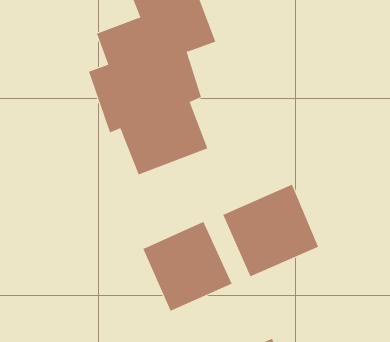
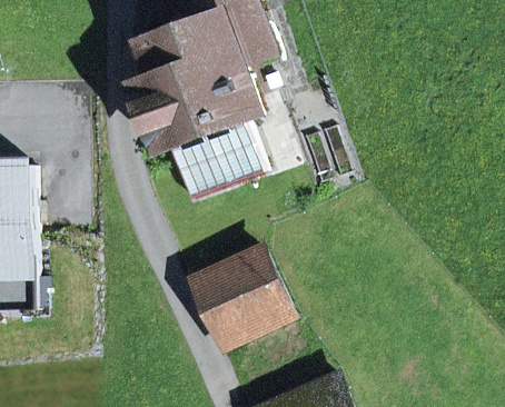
building: [223,184,319,277] -> none

